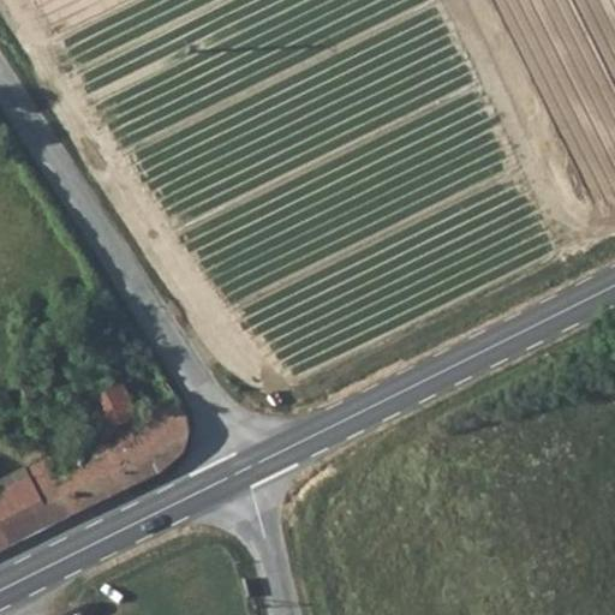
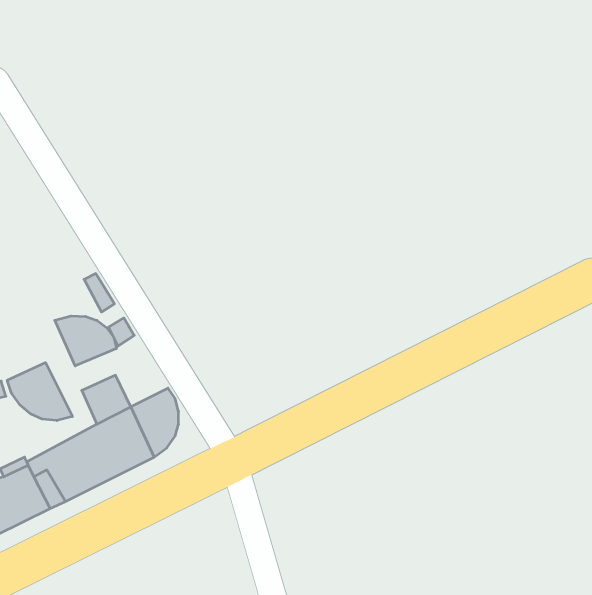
building: none -> [55,316,116,366]
building: none -> [7,363,72,421]

